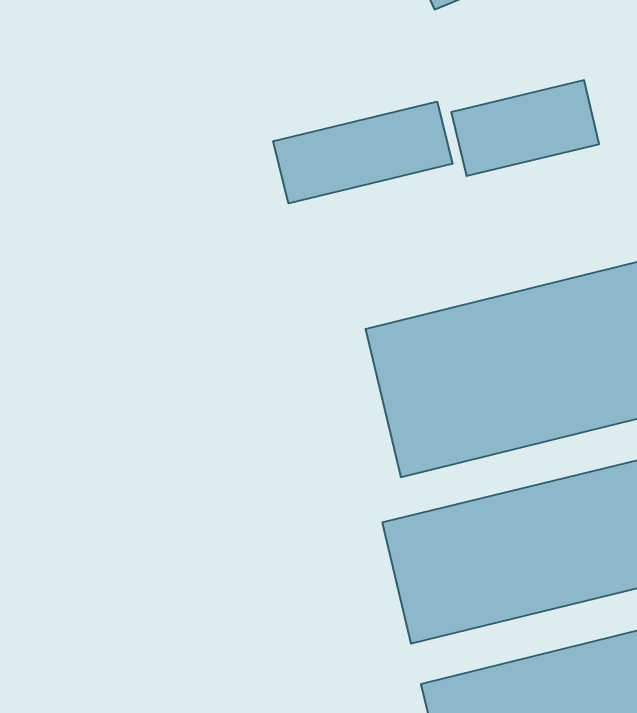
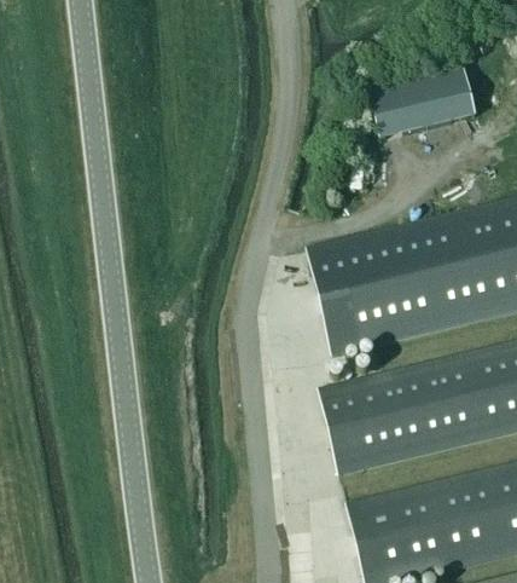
building: [273,102,452,203] -> none

